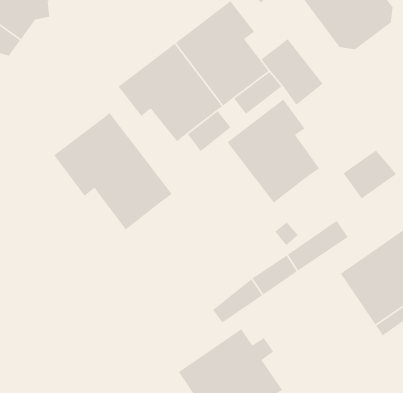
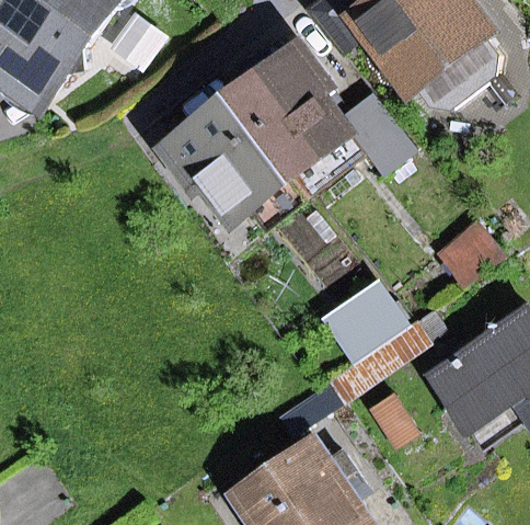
building: [227,98,320,204] -> none
building: [53,112,173,230] -> none

